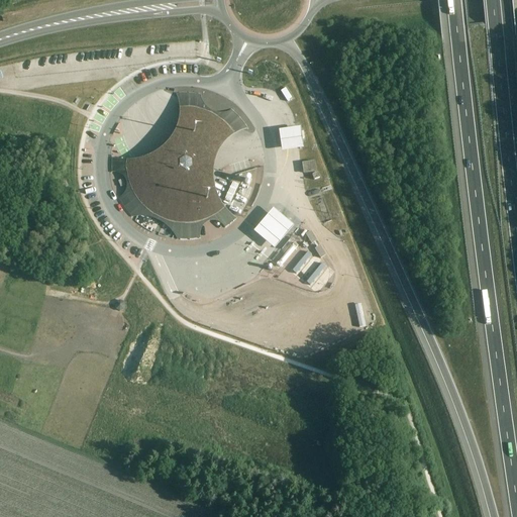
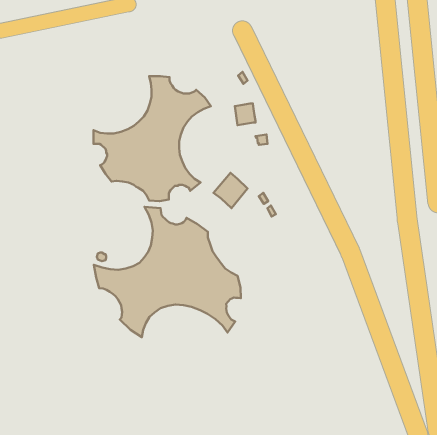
building: none -> [94,207,241,337]

